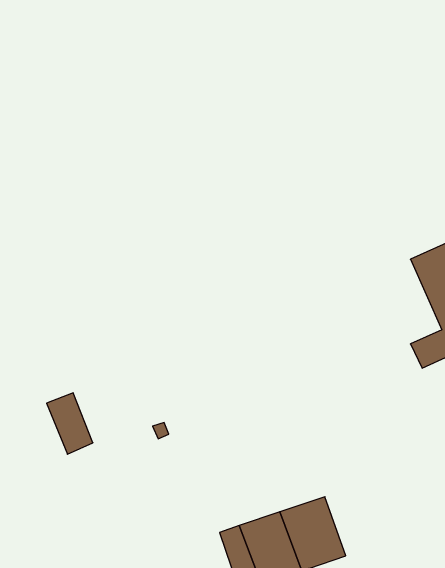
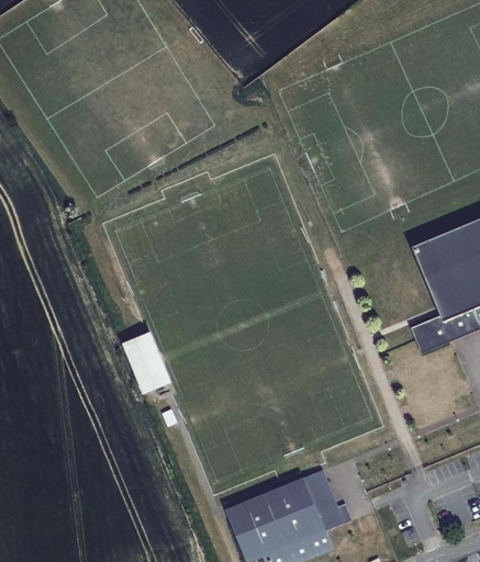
building: [47,393,93,454] -> [125,329,169,387]

